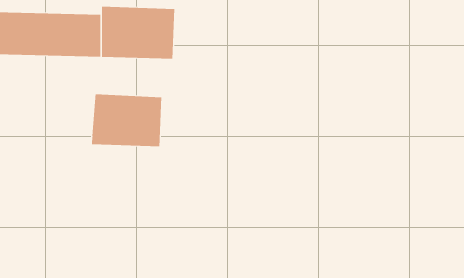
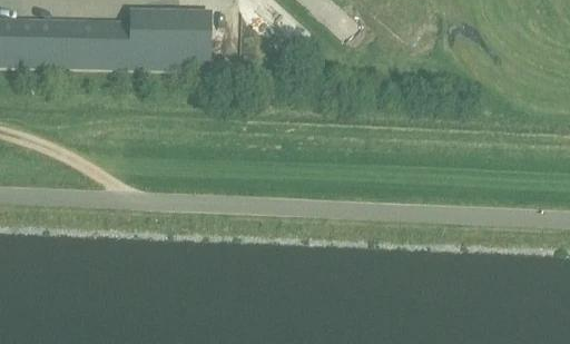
building: [91,94,162,147] -> none

